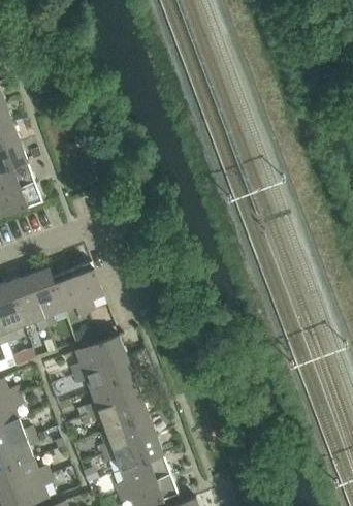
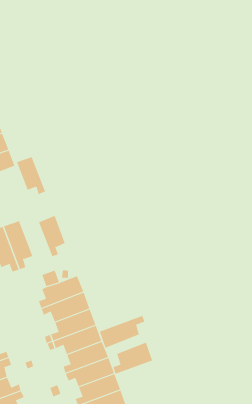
building: [47,267,87,317] -> [14,154,46,195]
building: none -> [99,315,145,348]
building: none -> [113,342,153,375]

